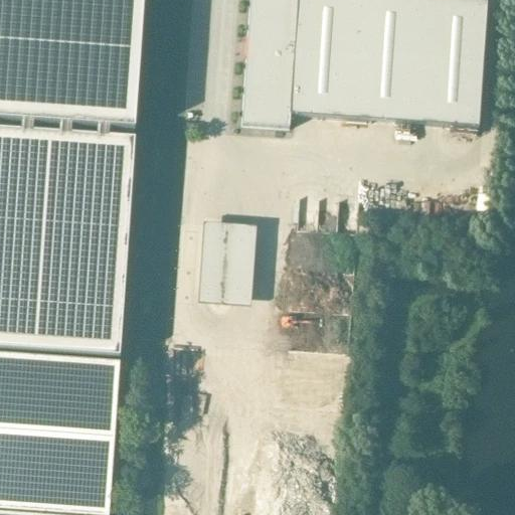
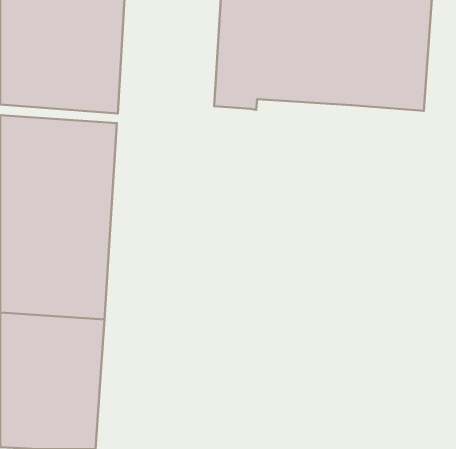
building: [202,228,259,307] -> none

